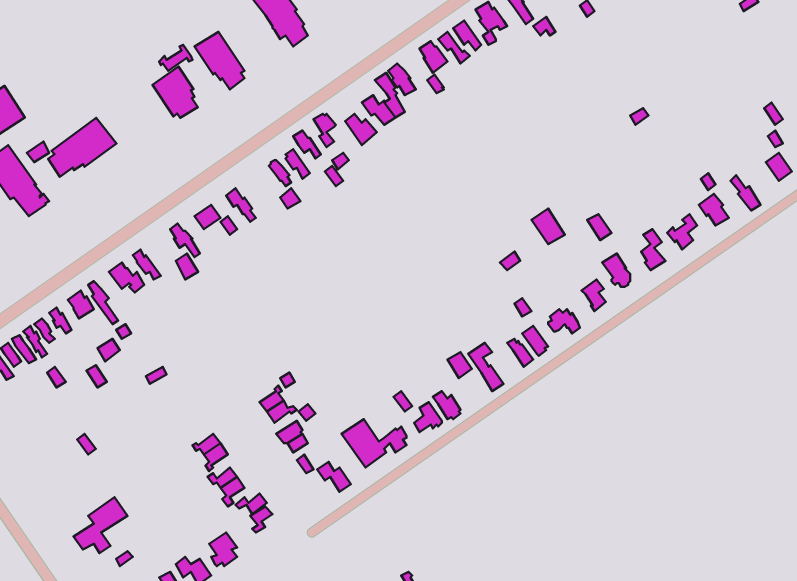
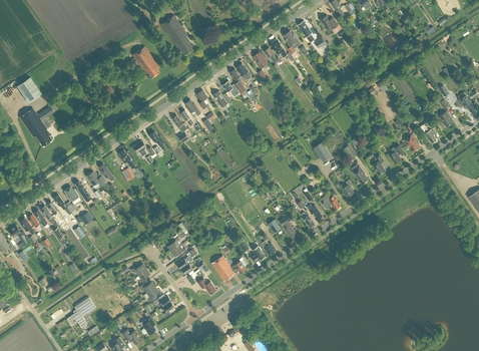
building: [153,66,198,118] -> none
building: [48,118,116,177] -> none

